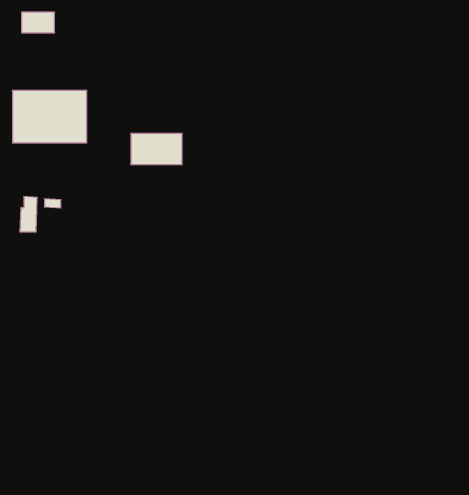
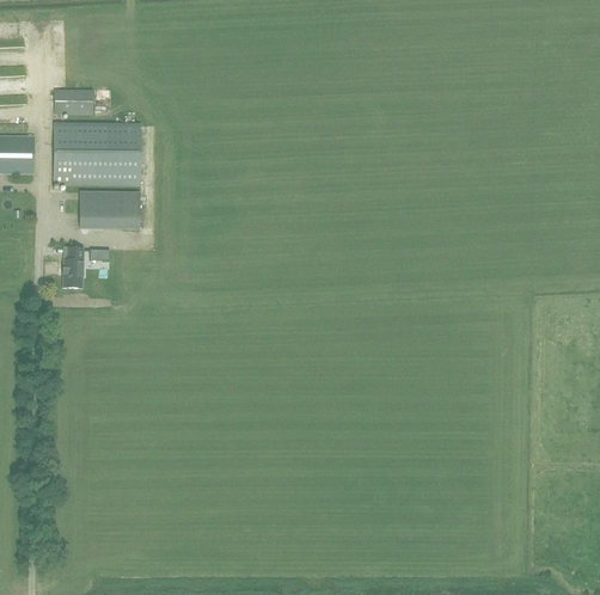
building: [22,12,55,33] -> [54,90,92,114]
building: [131,133,182,164] -> [79,191,139,227]

